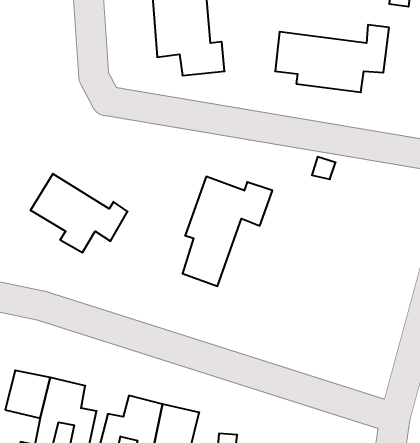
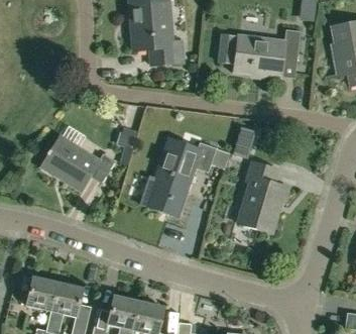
building: none -> [239,161,289,232]

